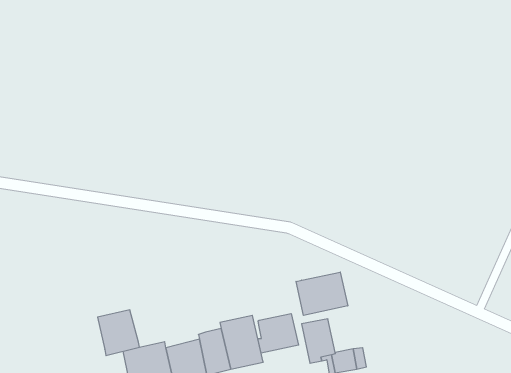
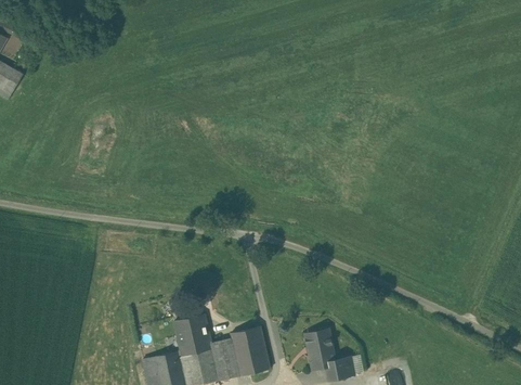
building: [296,272,348,315] -> none
building: [98,310,140,356] -> [173,315,211,356]
building: [258,314,299,353] -> none

